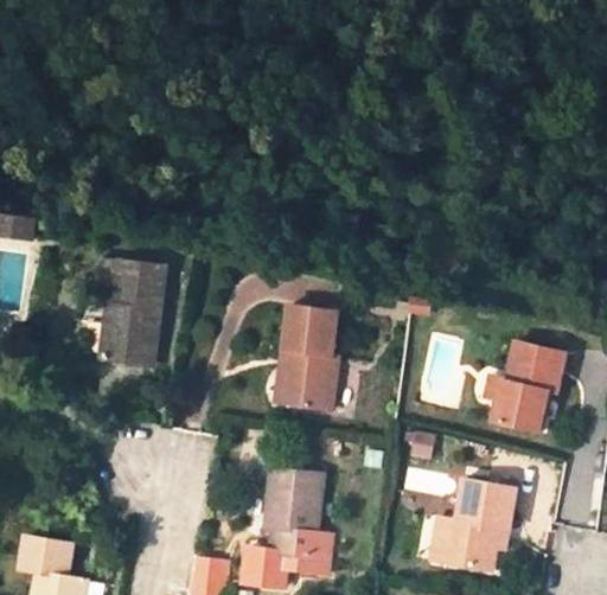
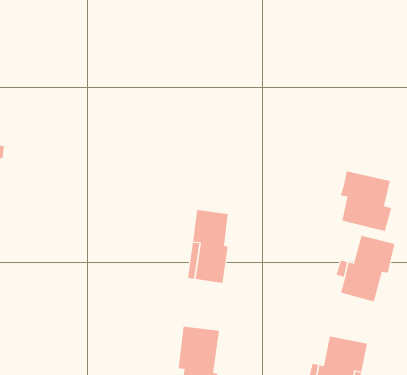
building: none -> [340,170,392,232]
building: [101,261,162,364] -> none

